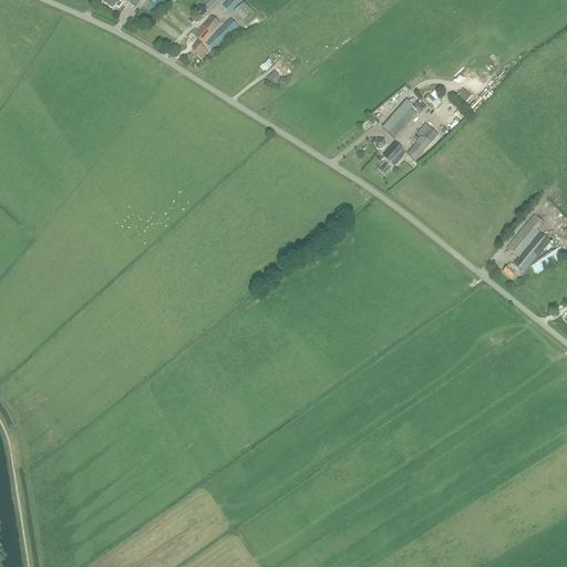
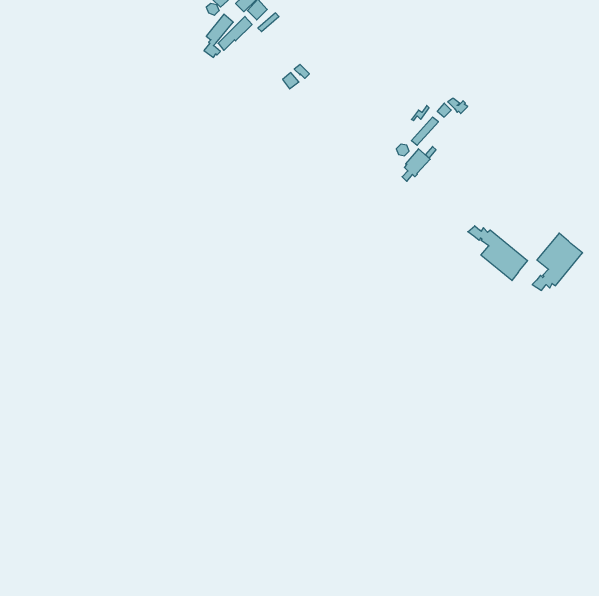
building: [408,122,439,158] -> none
building: none -> [468,226,528,281]

